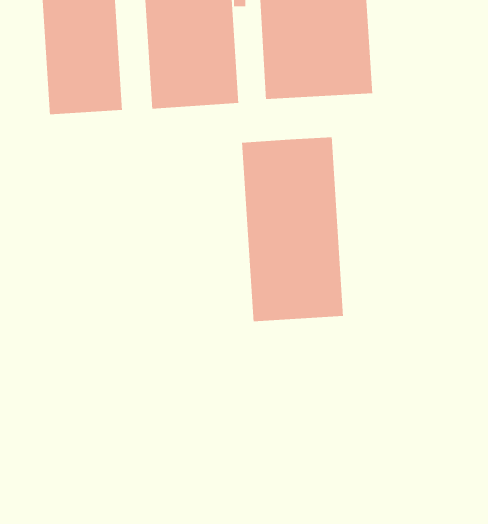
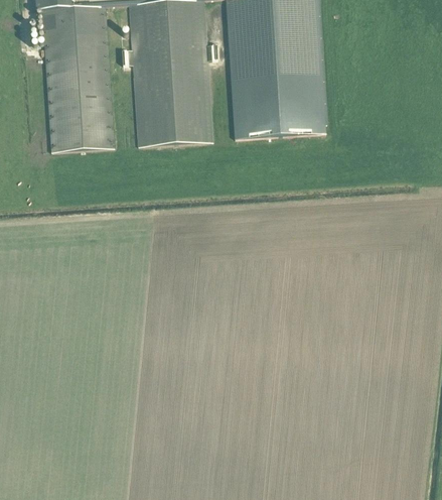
building: [241,136,344,322] -> none

